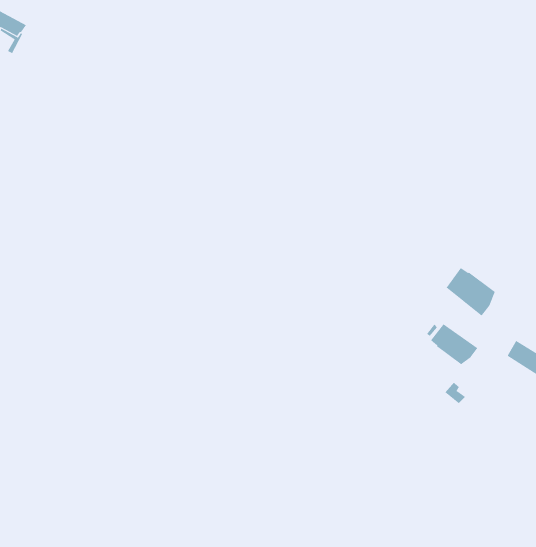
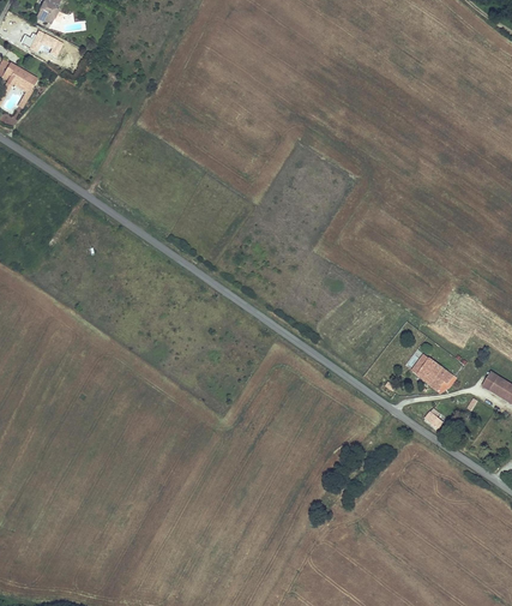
building: [446,267,496,316] -> none

